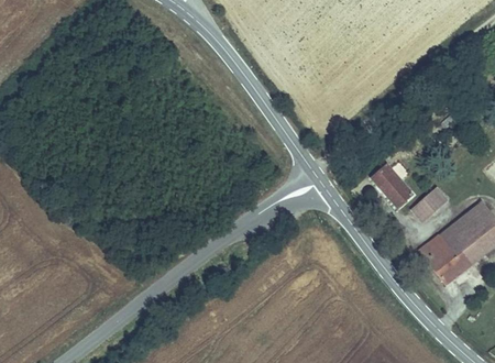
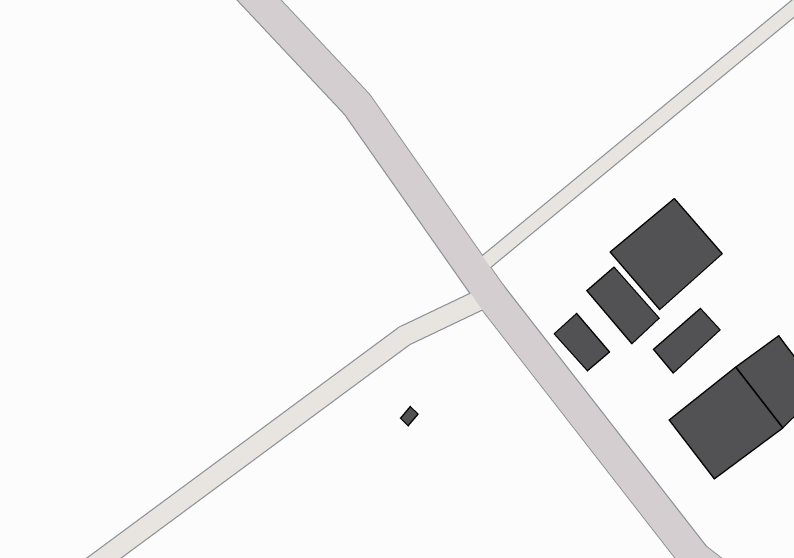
building: none -> [610,199,722,310]
building: none -> [554,313,609,371]

